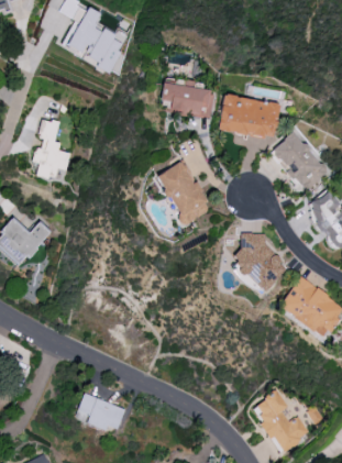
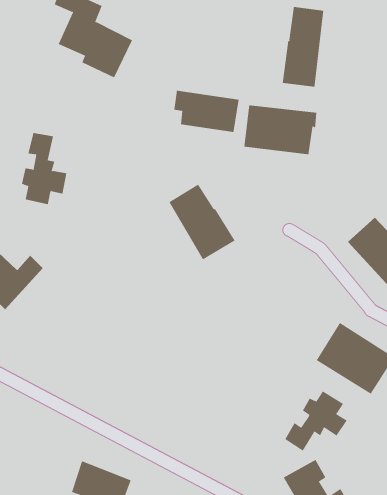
building: none -> [282,6,324,87]
building: [272,132,328,191] -> none
building: [239,233,282,284] -> none
building: none -> [285,390,347,451]

